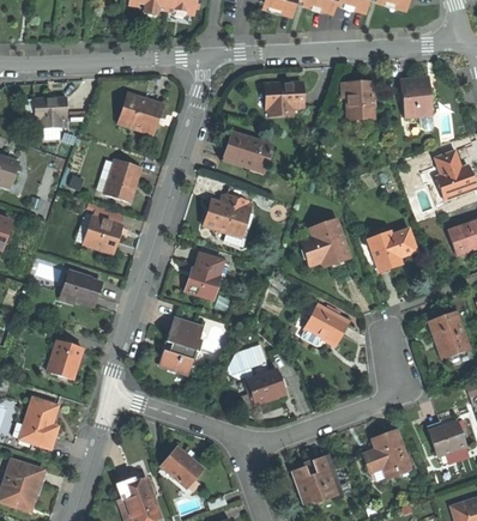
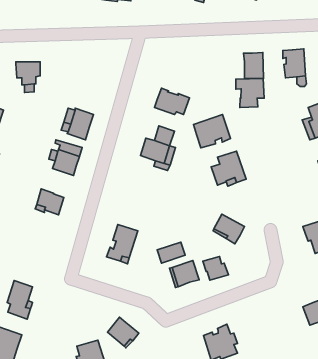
building: [266,81,304,115] -> none
building: [120,92,164,133] -> none
building: none -> [236,79,264,107]
building: none -> [193,114,230,148]
building: [373,229,417,271] -> none
building: [187,253,227,296] -> none
building: [48,339,84,378] -> none
building: none -> [203,257,228,280]
building: [364,431,409,474] -> none

